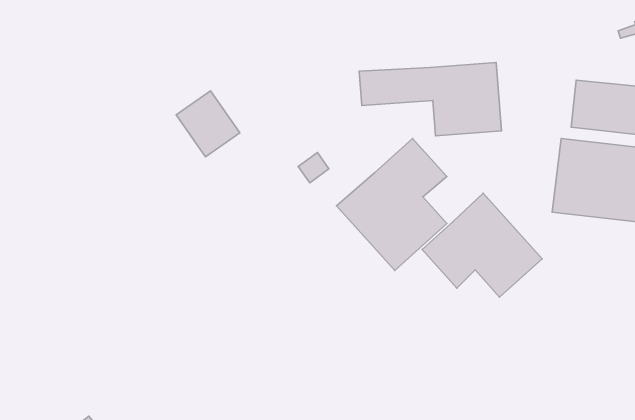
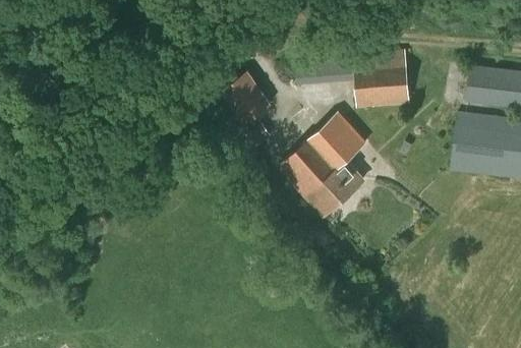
building: [176,91,240,157] -> [220,70,271,123]
building: [422,193,542,297] -> none

